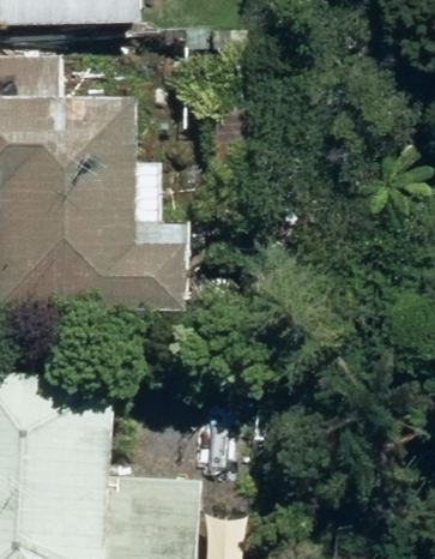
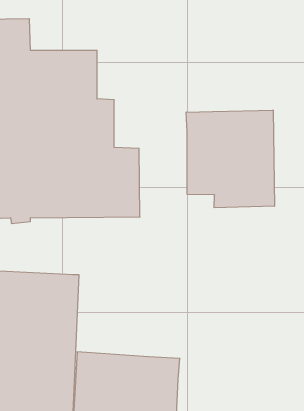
building: none -> [186,110,274,208]

